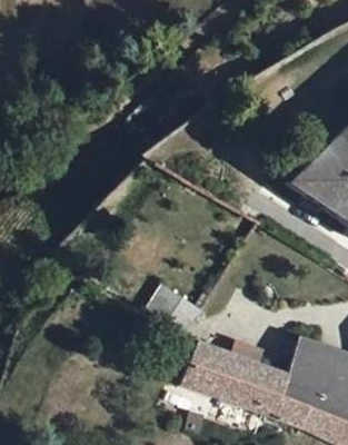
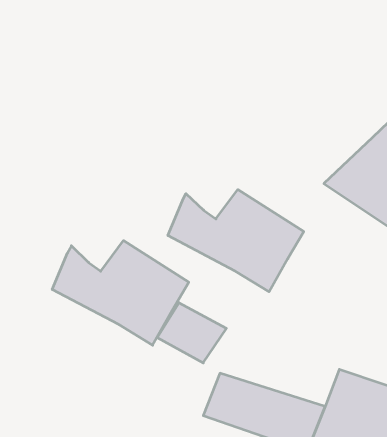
building: none -> [168,190,304,292]
building: none -> [52,241,189,345]

